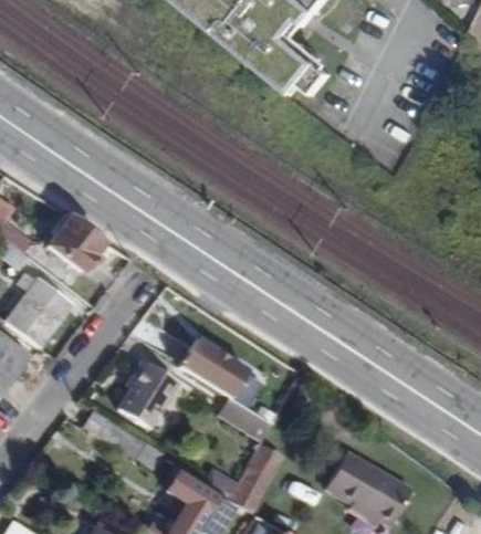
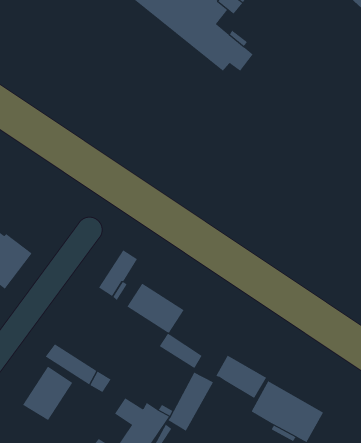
building: [49,212,106,270] -> none
building: [118,362,178,426] -> [22,366,73,421]
building: none -> [216,355,267,399]

